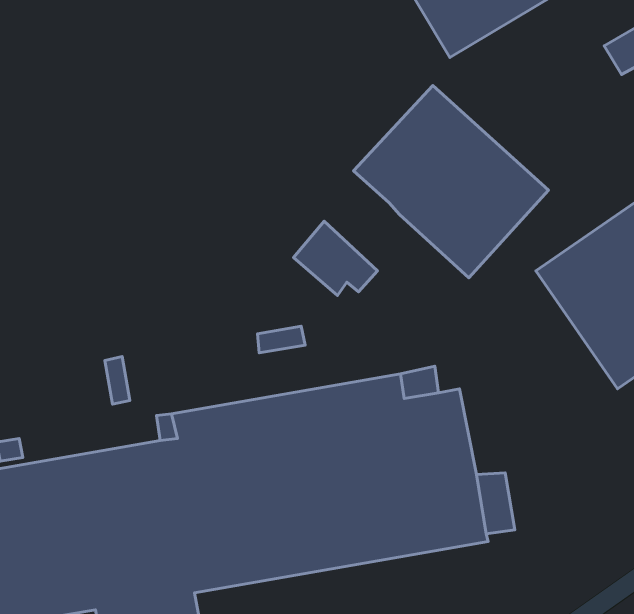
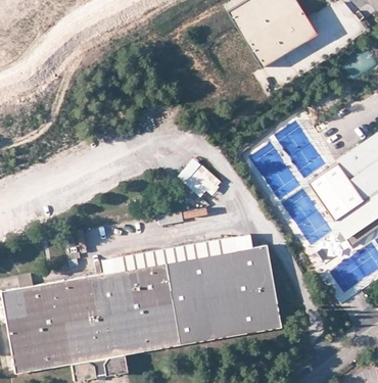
building: [353,85,548,278] -> none

